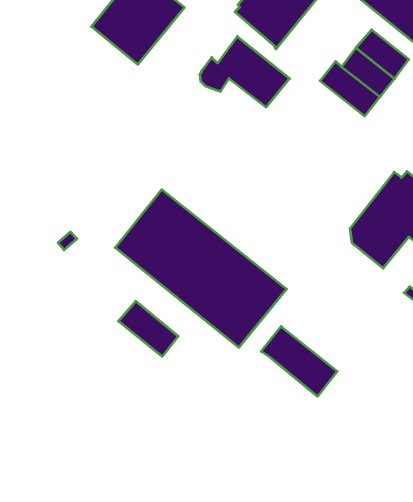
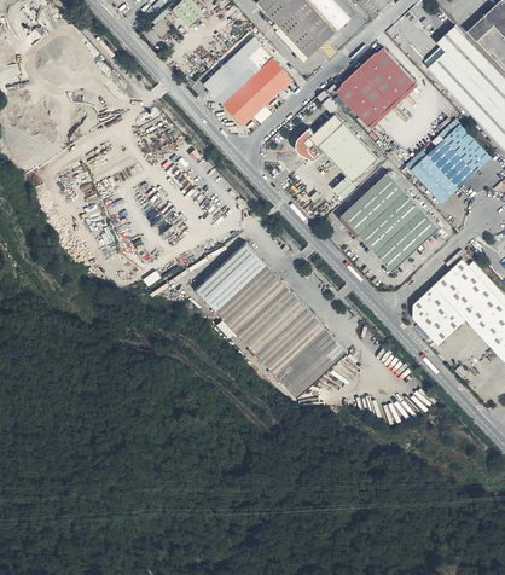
building: none -> [339,173,439,271]
building: [118,301,178,356] -> none
building: [261,326,337,396] -> none

